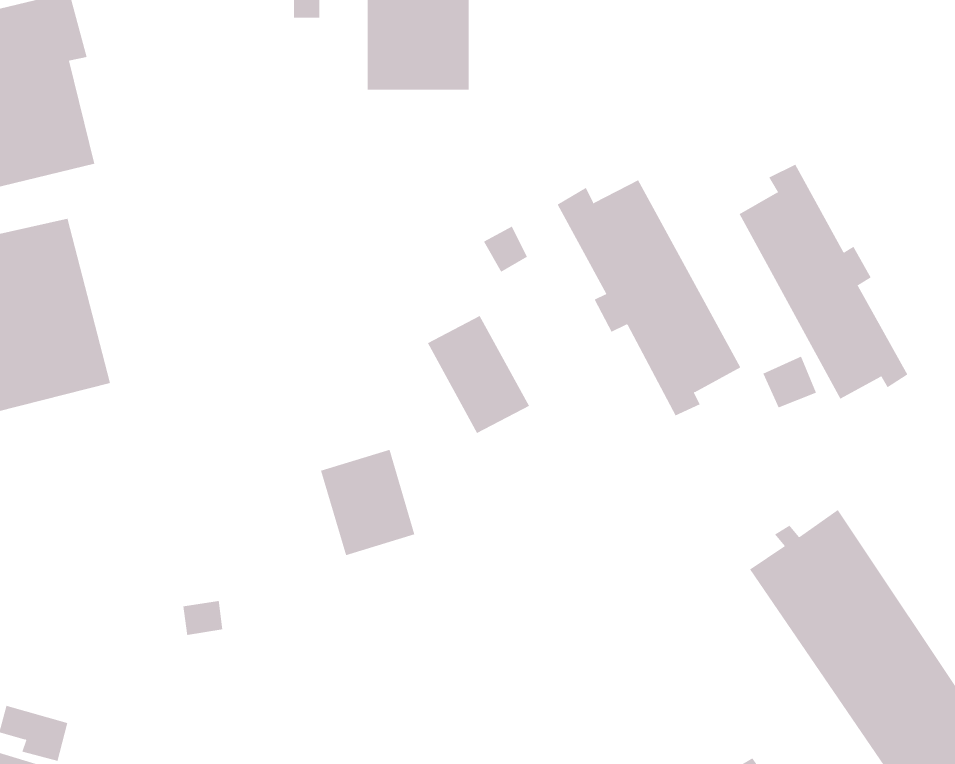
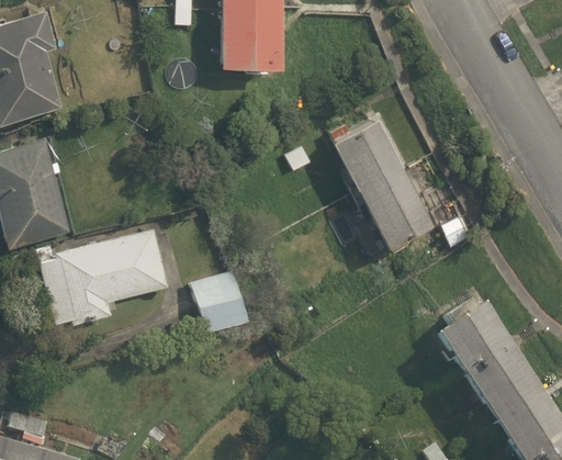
building: [739,164,908,400] -> none
building: [427,315,530,434] -> none
building: none -> [40,227,168,323]

